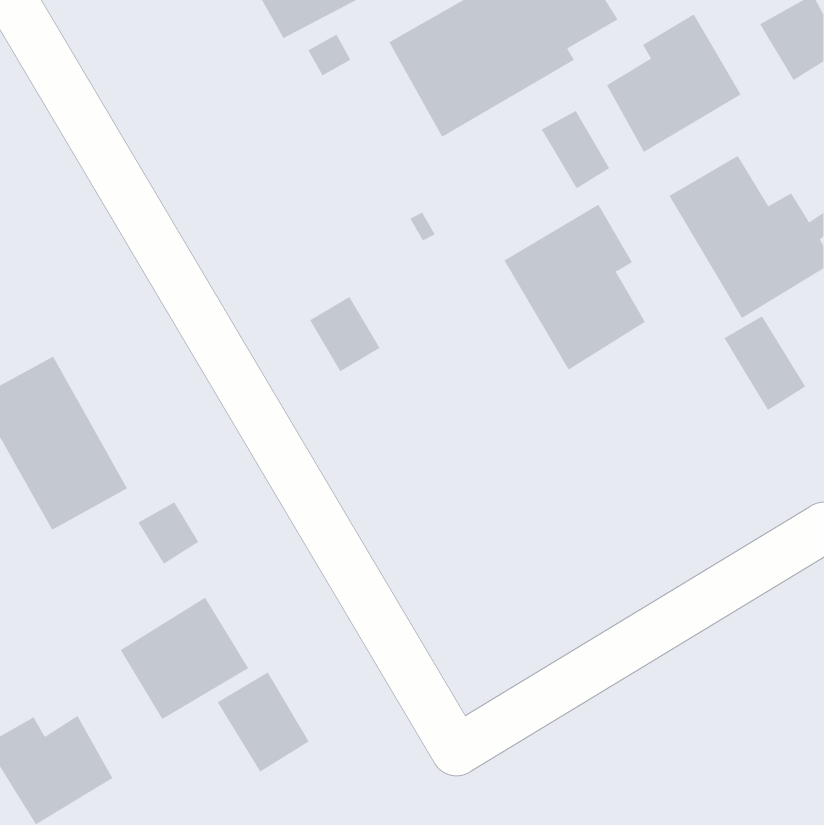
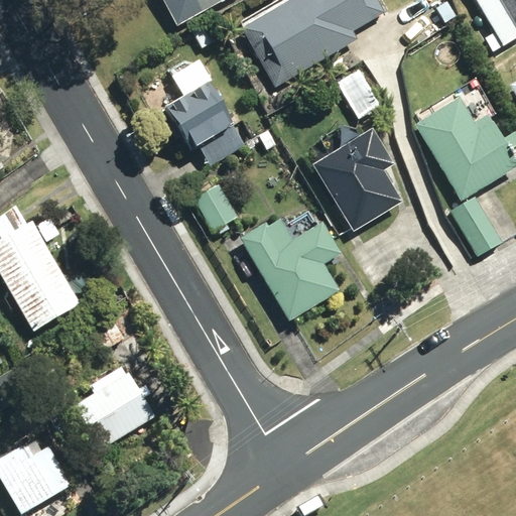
building: [606,14,742,153] -> none
building: none -> [167,81,234,147]
building: none -> [240,218,341,319]
building: [217,672,310,773] -> none

